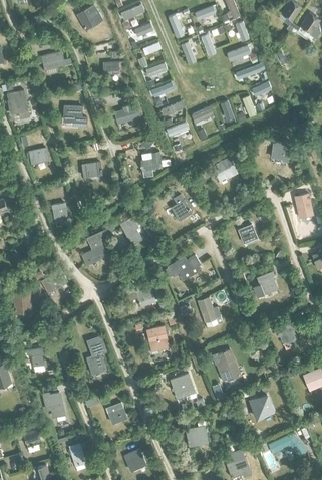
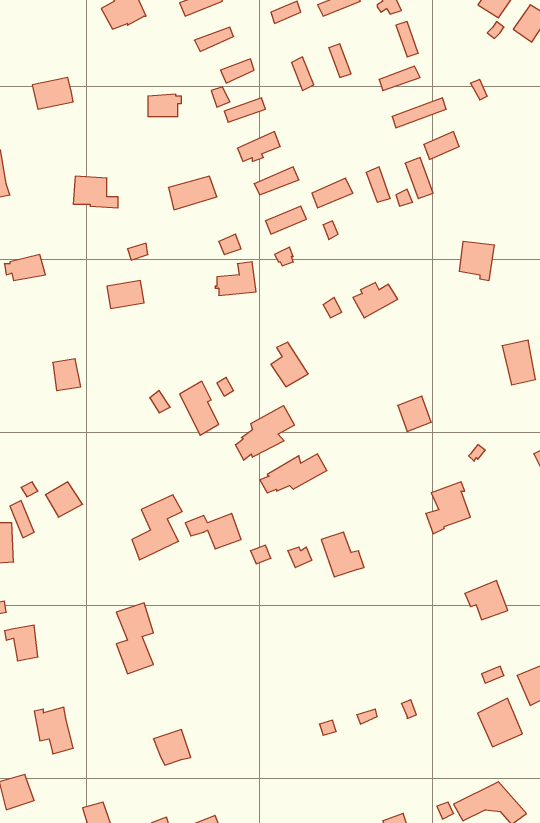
building: none -> [235,406,294,460]
building: [81,230,108,265] -> [132,495,182,560]
building: [145,326,168,351] -> none
building: [213,348,241,382] -> none
building: [170,374,194,399] -> none
building: [250,393,274,419] -> [478,698,522,747]
building: [186,423,208,446] -> none

